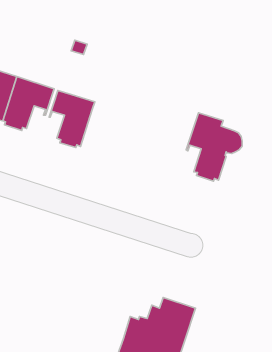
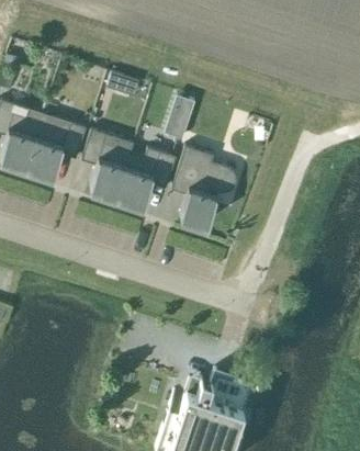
building: none -> [164,99,193,140]
building: none -> [116,150,176,207]
building: [186,113,242,181] -> [170,149,235,228]

